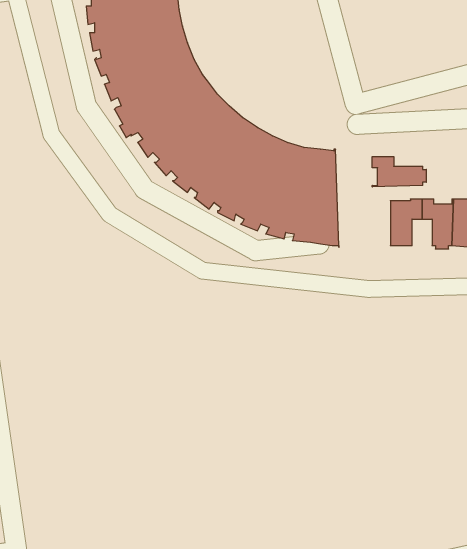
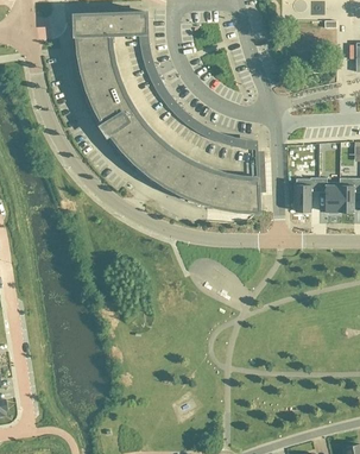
building: [372,157,426,187] -> none

